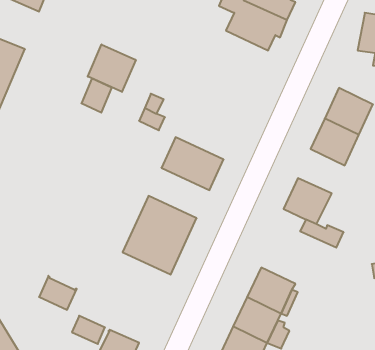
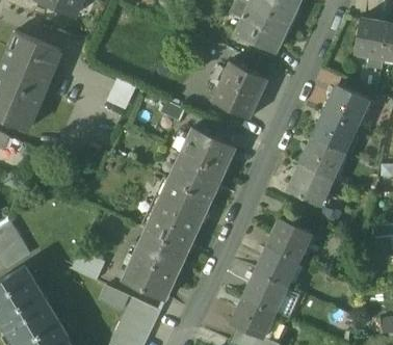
building: [88,44,136,92] -> none
building: none -> [209,60,267,117]
building: none -> [302,138,343,178]
building: none -> [169,155,224,200]
building: none -> [269,217,312,258]
building: none -> [124,230,189,299]

